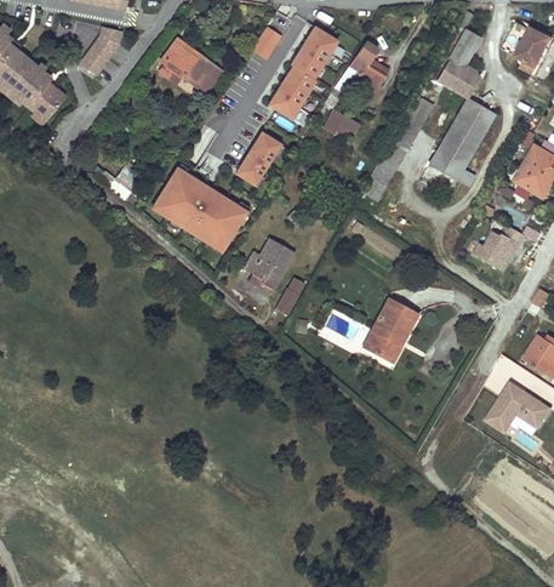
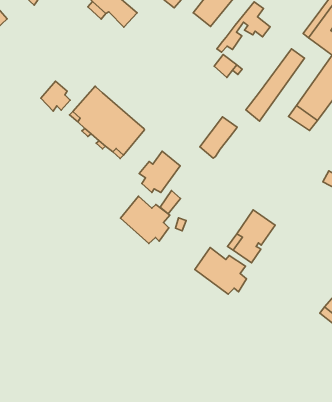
building: [268,64,316,120] -> none
building: [236,133,280,186] -> [200,117,237,158]
building: none -> [121,196,170,243]
building: none -> [195,247,246,294]

